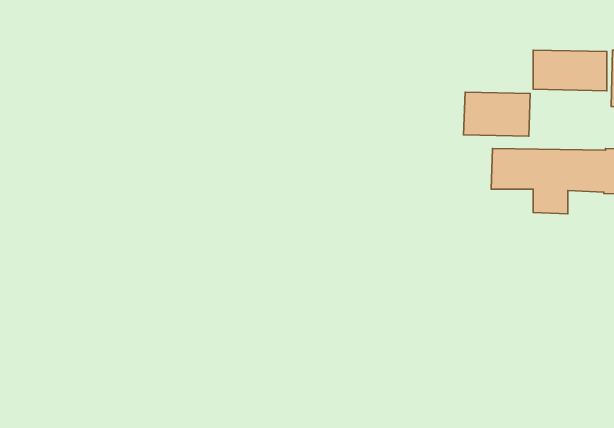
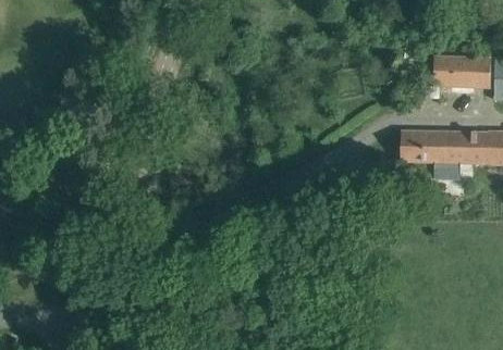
building: [464,92,530,136] -> none

